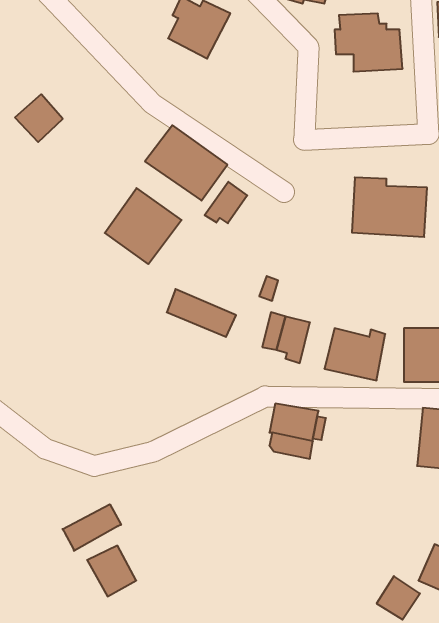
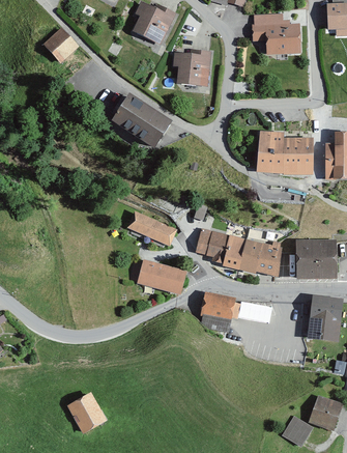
building: none -> [169,50,207,88]
building: [15,94,63,142] -> [45,29,79,63]
building: [205,182,247,223] -> none
building: [105,188,182,264] -> none
building: none -> [223,235,248,271]
building: none -> [138,259,189,293]
building: [62,504,121,551] -> none

